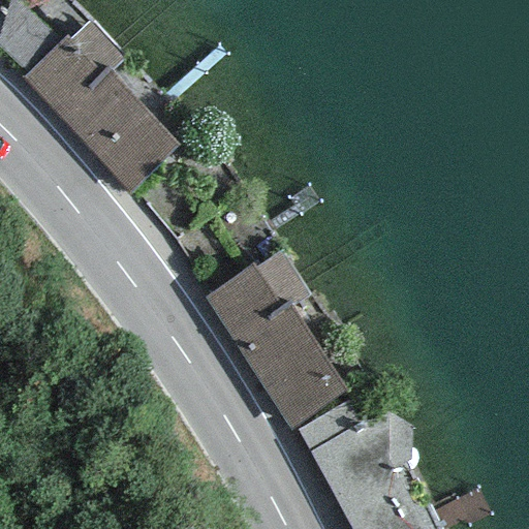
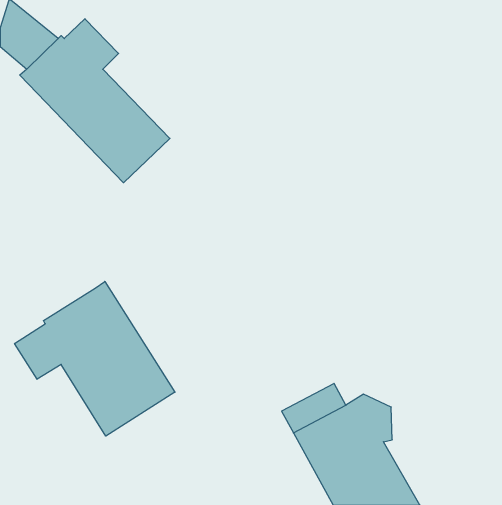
building: [206,252,350,428] -> none
building: none -> [15,281,175,436]

